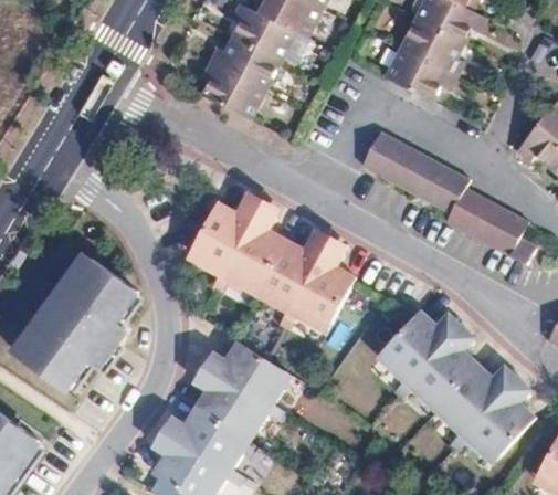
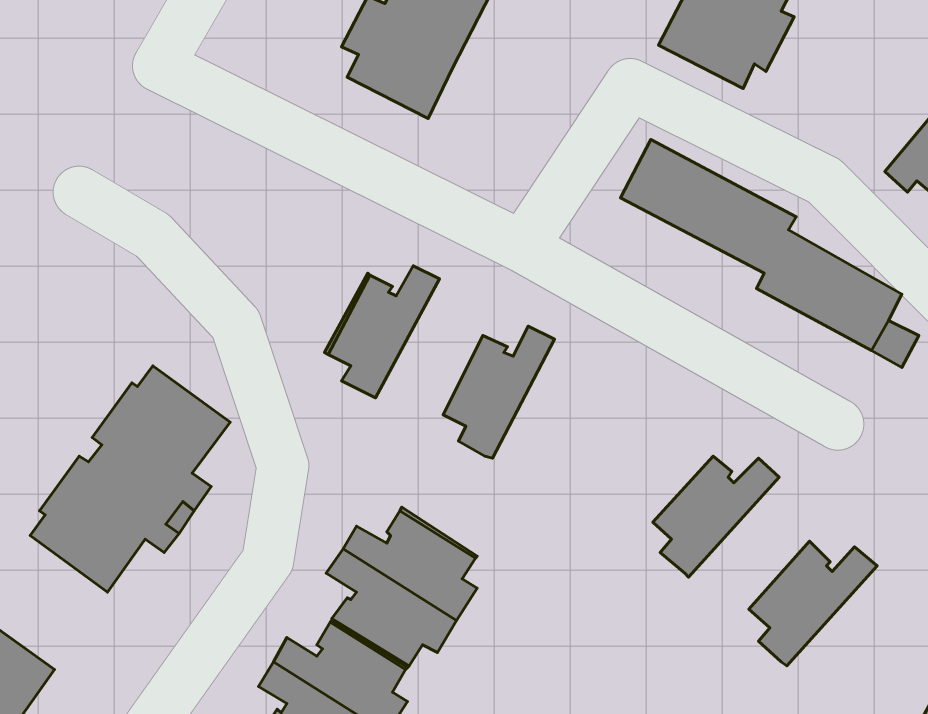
building: [220,210,283,291] -> none
building: [288,245,351,326] -> none
building: [403,326,474,403] -> none
building: [461,378,531,455] -> none

